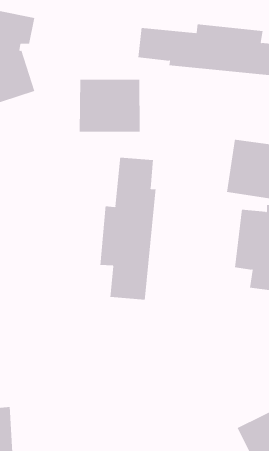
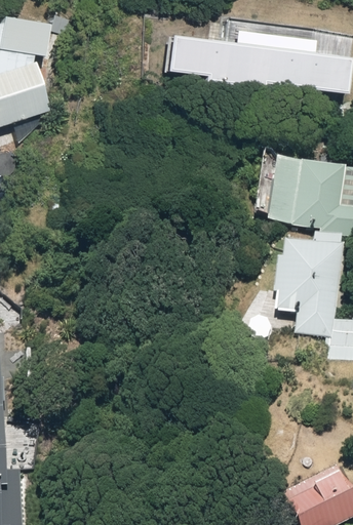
building: [79,79,140,132] -> none
building: [100,157,156,301] -> none

